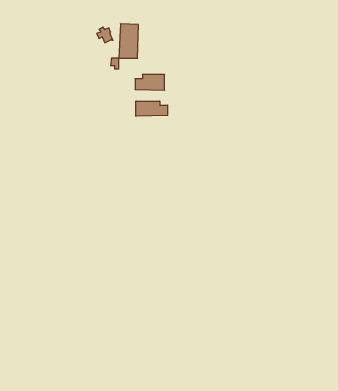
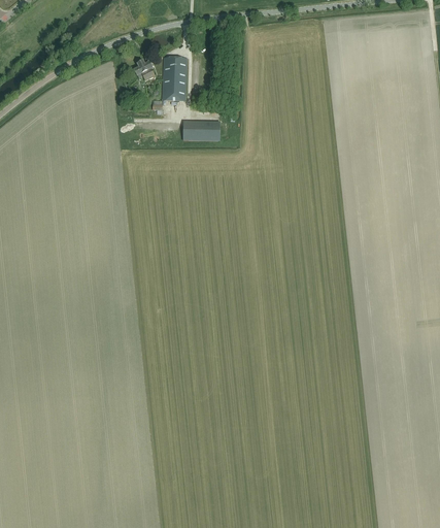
building: [136,101,168,116] -> none

